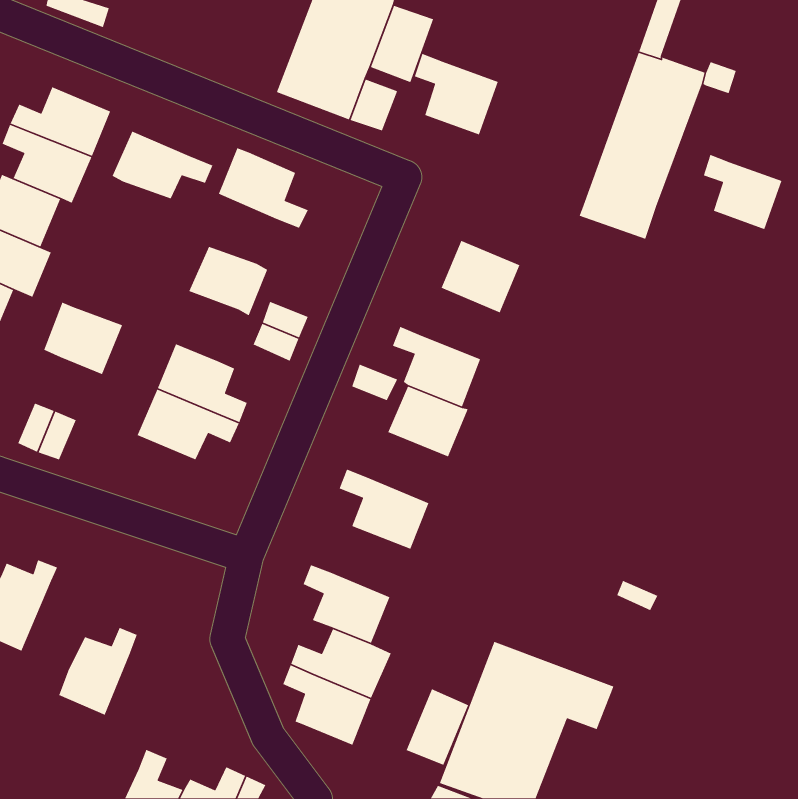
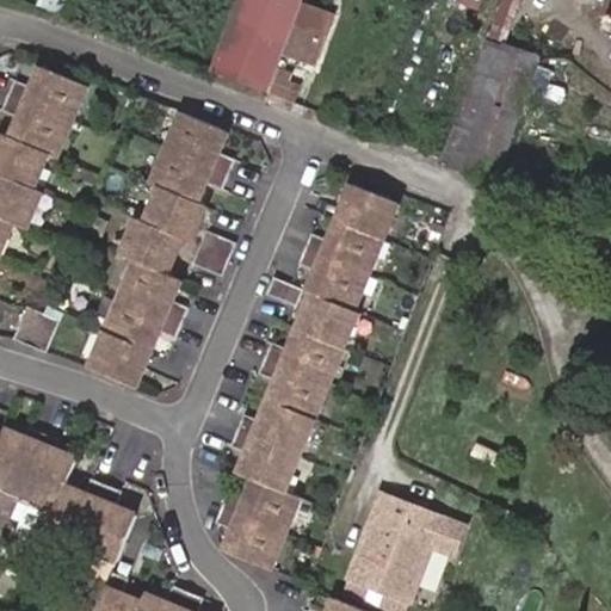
building: [414,53,499,136] -> none
building: [111,131,213,200] -> [150,148,228,200]
building: [703,154,782,230] -> none
building: none -> [304,220,381,273]
building: [43,301,123,375] -> [121,218,181,274]
building: none -> [264,329,341,383]
building: none -> [90,332,149,385]
building: none -> [236,401,313,455]
building: none -> [17,432,76,511]
building: none -> [80,483,135,560]
building: [405,688,469,766] -> none

